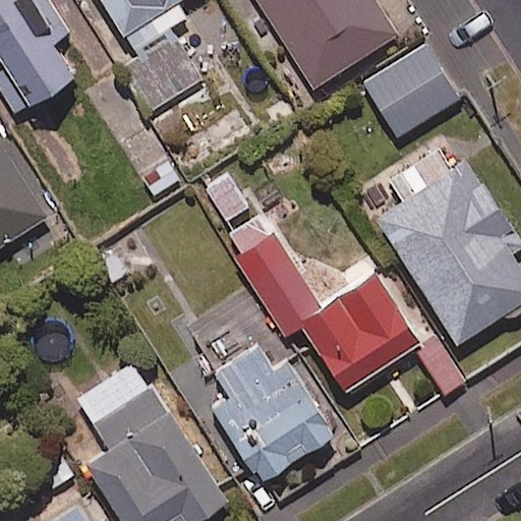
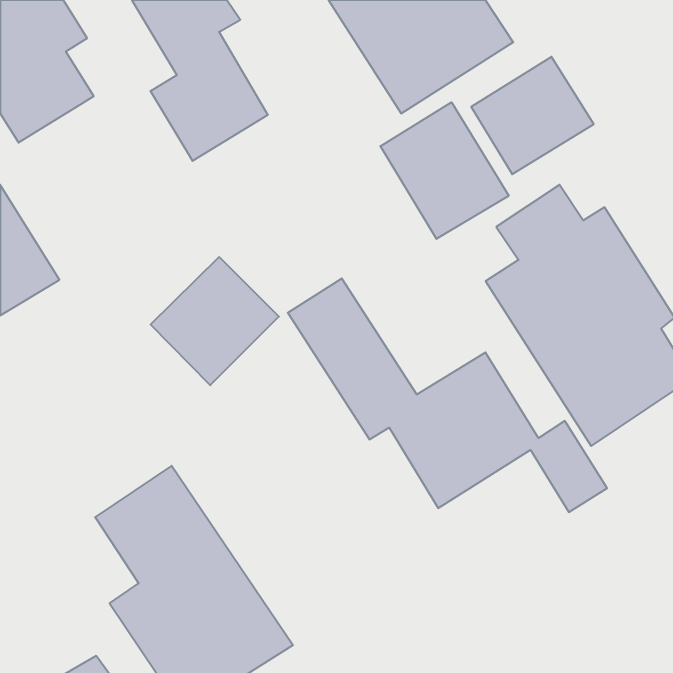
building: none -> [380,102,509,239]
building: none -> [151,257,279,385]
building: [210,344,334,483] -> none

